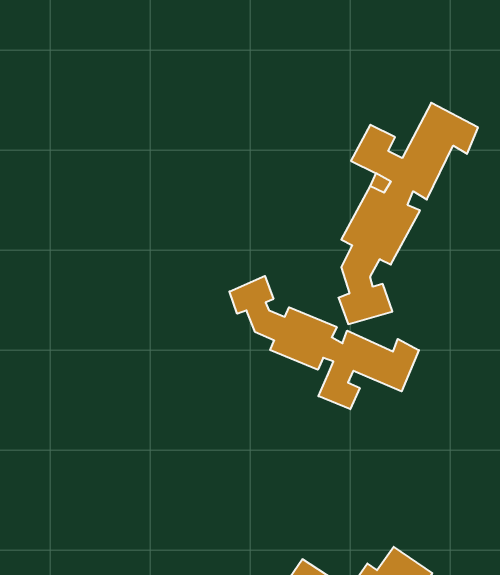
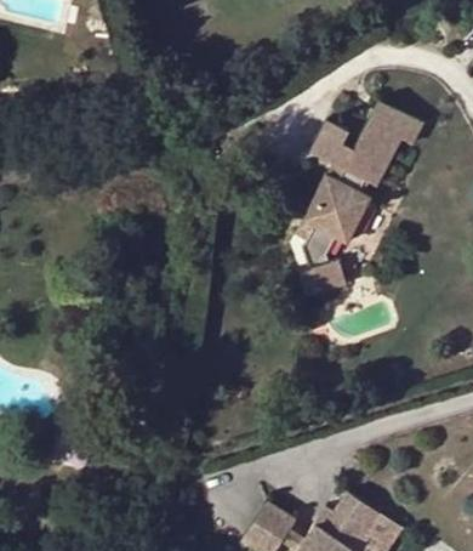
building: [229,276,419,409] -> none

